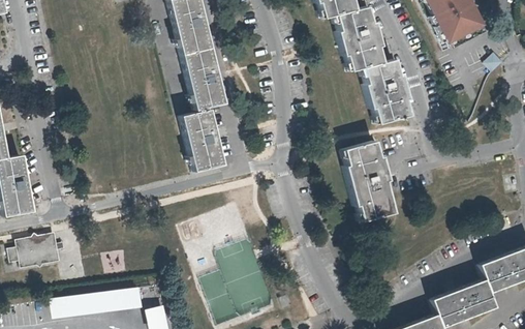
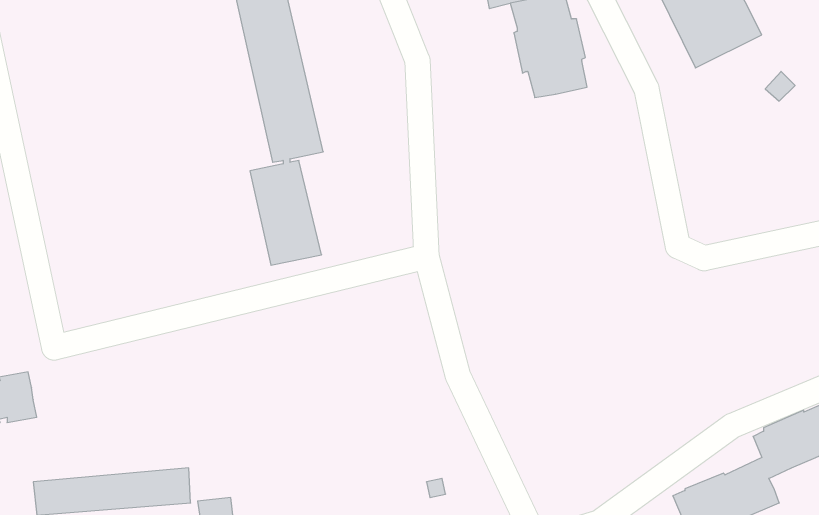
building: [362,59,407,123] -> none
building: [341,141,392,221] -> none

